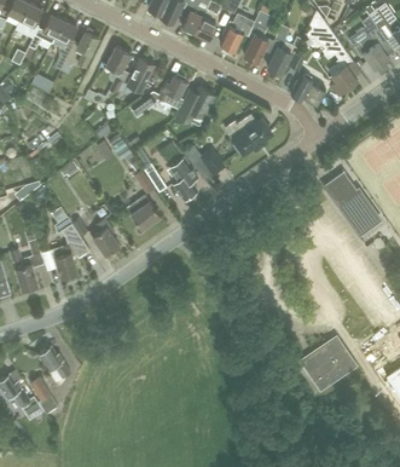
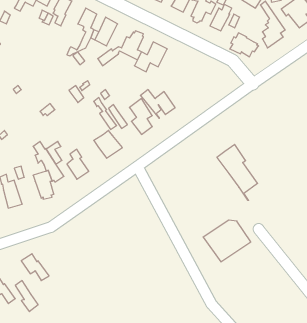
building: [228,111,269,151] -> none
building: [320,169,370,237] -> [217,144,258,200]
building: [297,339,355,390] -> [203,220,251,262]

